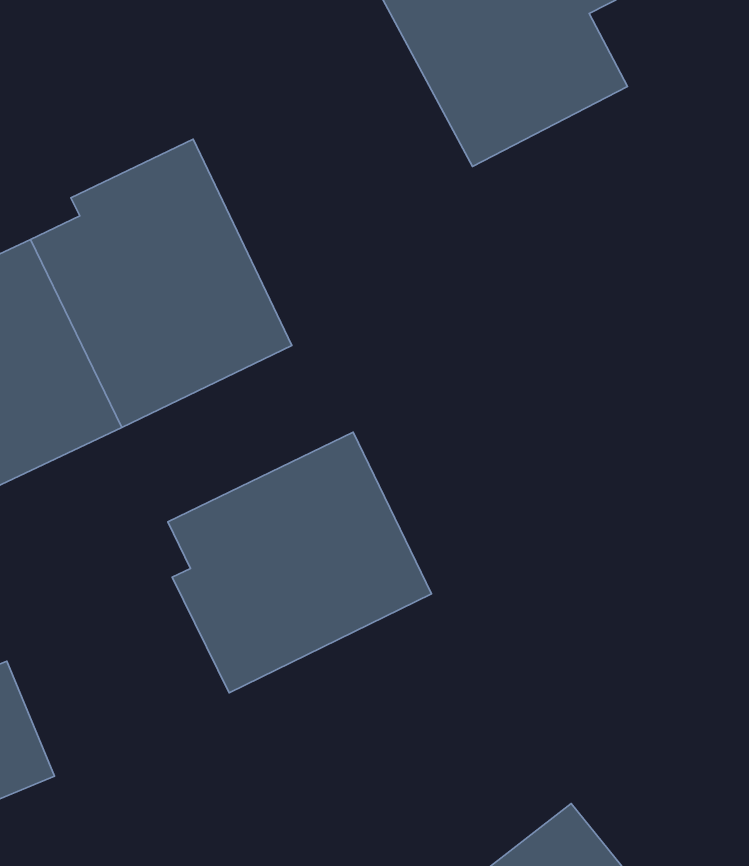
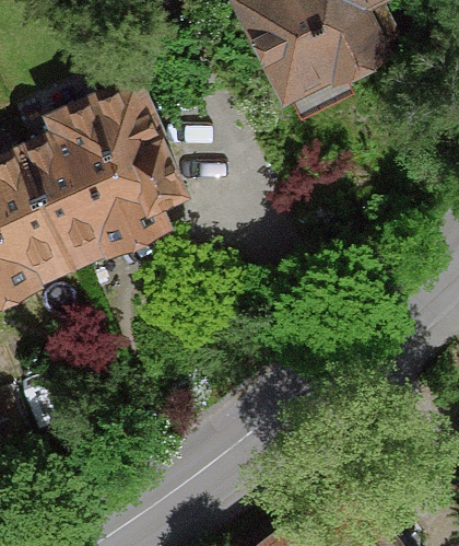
building: [168,432,431,693] -> none

